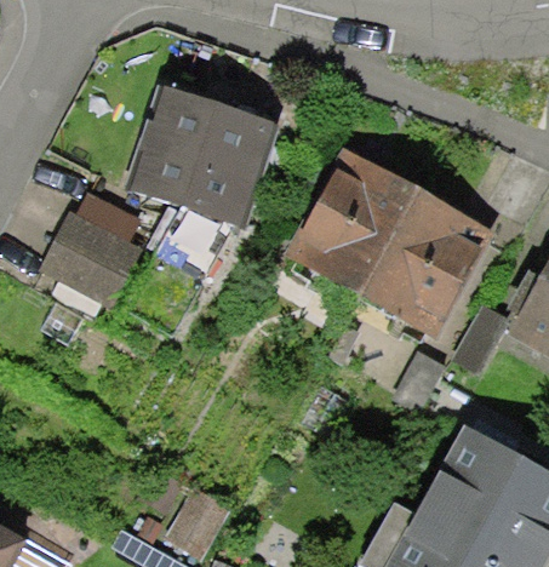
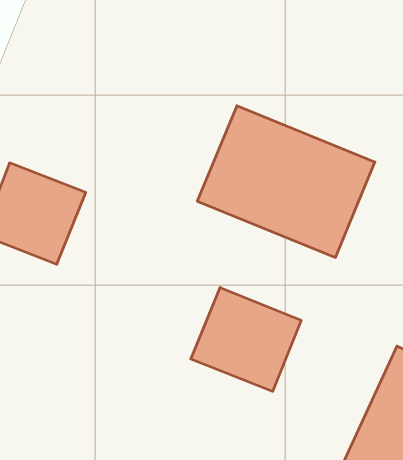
building: [135,91,279,224] -> none
building: none -> [191,287,301,391]

